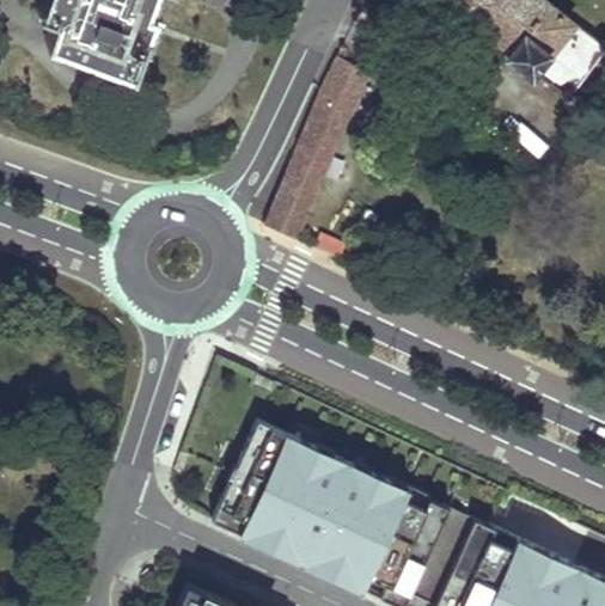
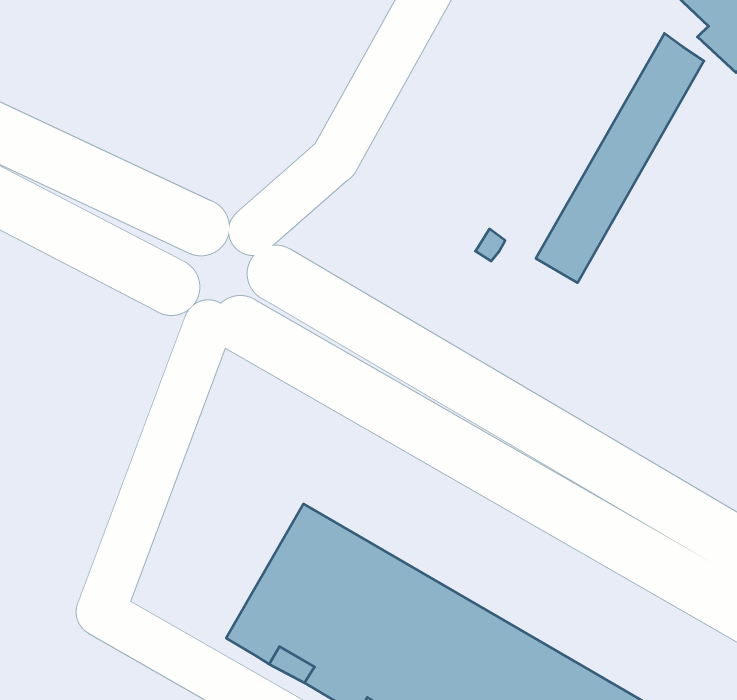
building: [263,60,368,243] -> [536,33,704,283]

